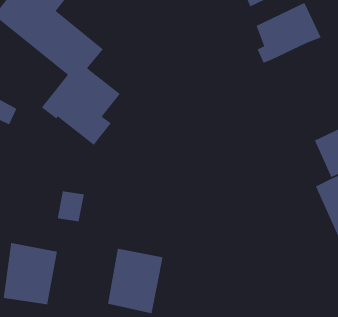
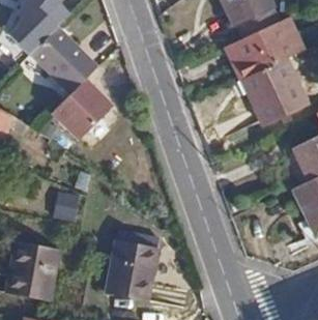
building: none -> [243,57,306,122]

